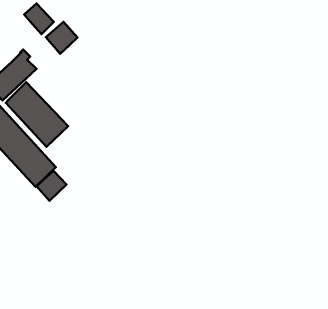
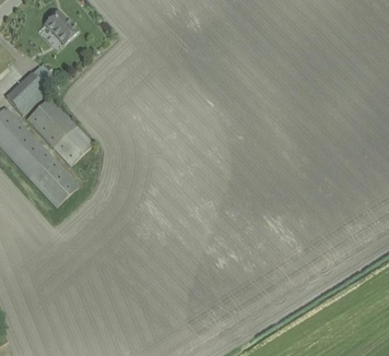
building: [46,22,78,54] -> none
building: [37,171,66,201] -> none

